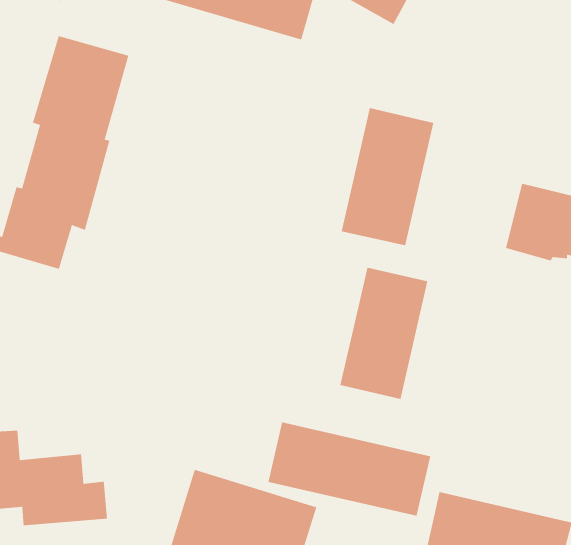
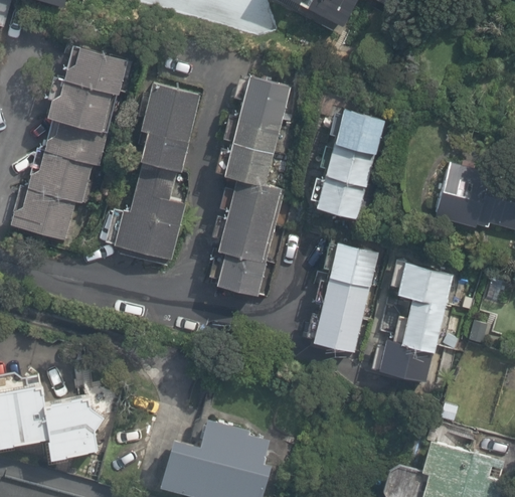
building: none -> [210,78,293,298]
building: none -> [106,80,206,264]
building: none -> [371,260,459,381]
building: [268,421,431,517] -> none

